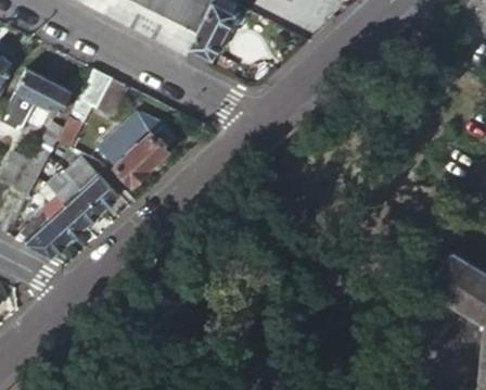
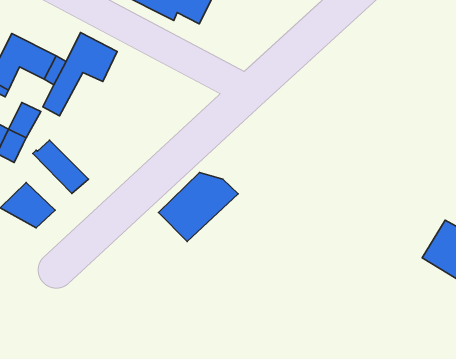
building: [102,115,180,183] -> [158,173,238,241]
building: [64,160,118,211] -> none
building: [39,186,86,241] -> none

